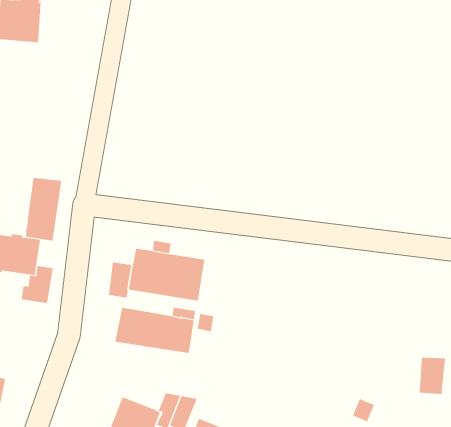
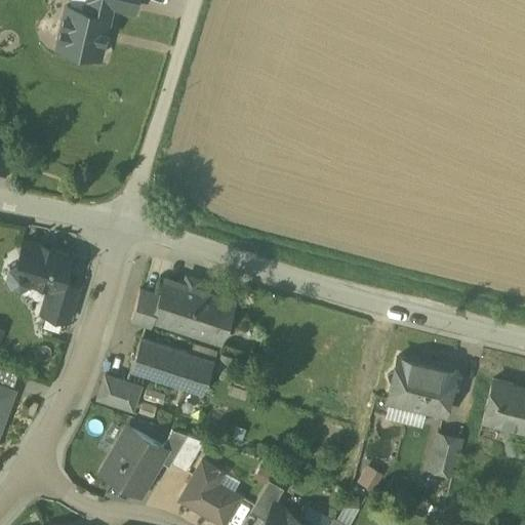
building: [25,177,62,241] -> none
building: none -> [389,359,455,416]
building: none -> [98,377,142,412]

